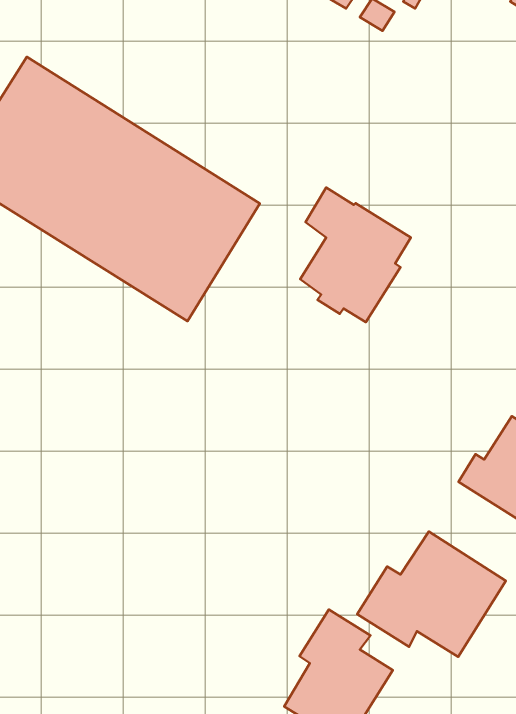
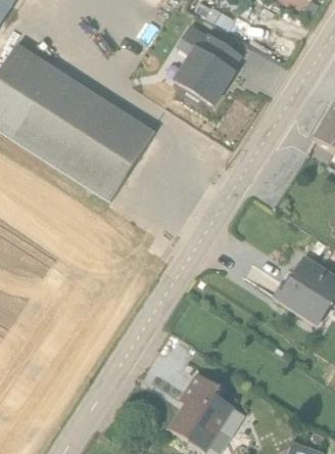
building: [300,188,411,322] -> [178,25,243,104]
building: [357,532,506,657] -> none

